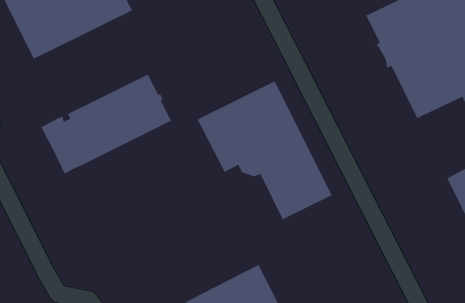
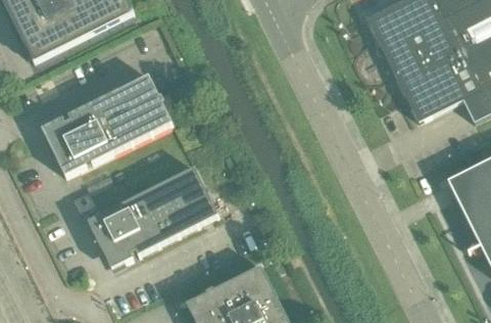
building: [197,81,332,220] -> none
building: none -> [90,167,219,268]

